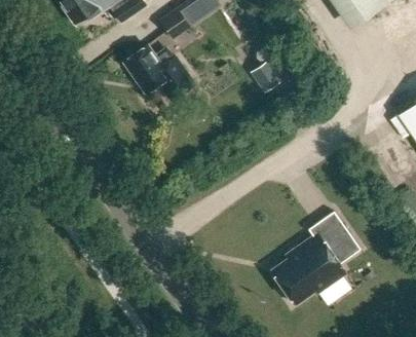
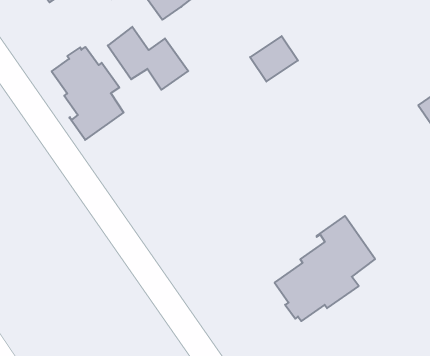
building: none -> [52,47,124,140]

